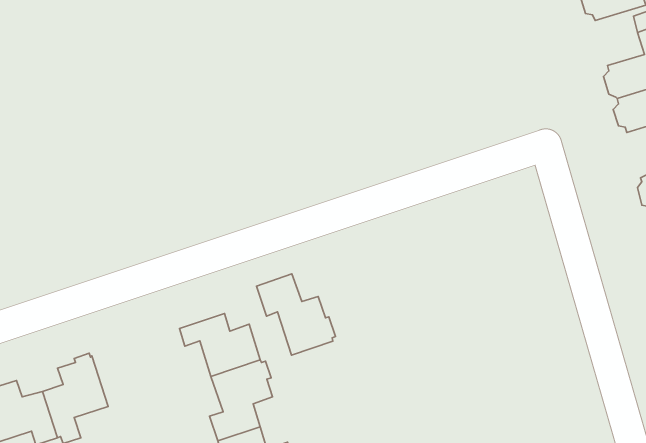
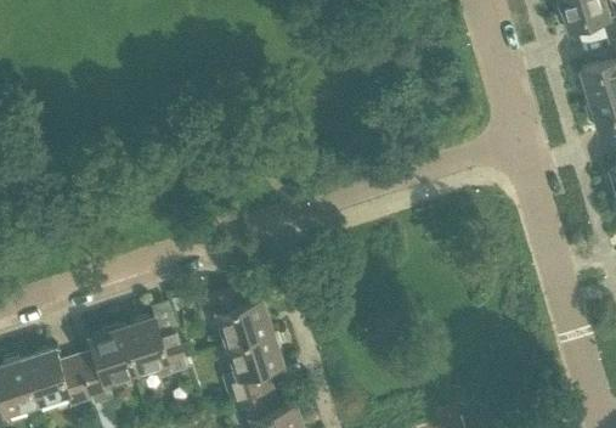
building: [256,274,336,355] -> none
building: none -> [121,317,192,384]

